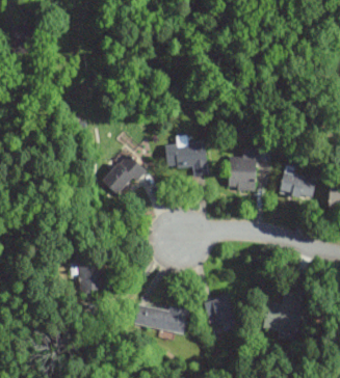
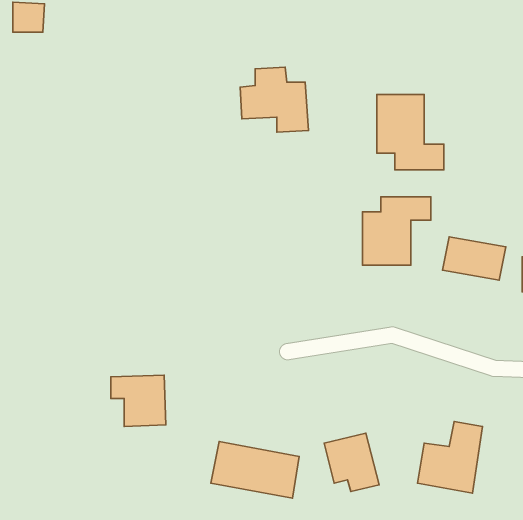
building: none -> [377,94,444,170]
building: [166,136,209,177] -> [240,67,308,132]
building: [101,153,148,199] -> none

